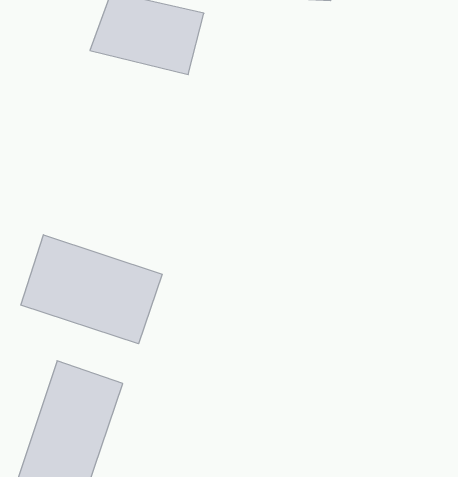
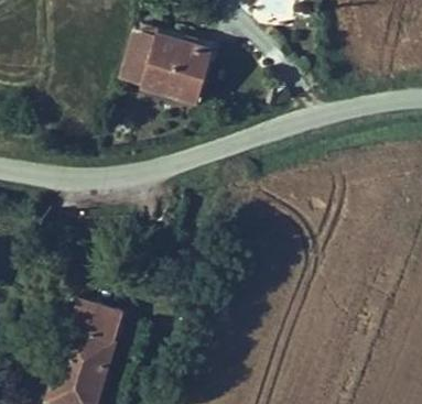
building: [21,235,162,344] -> none

